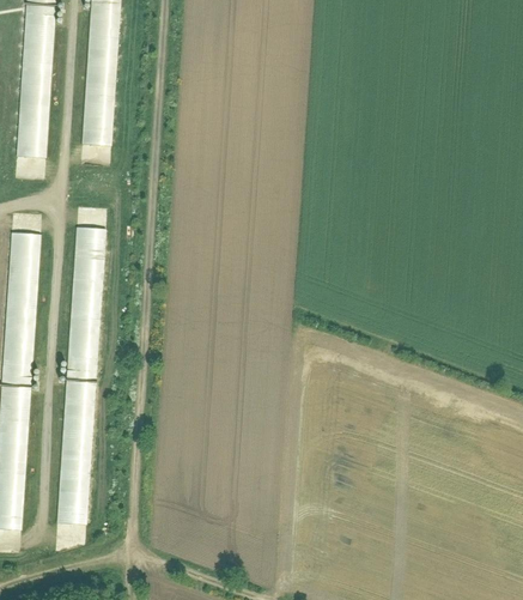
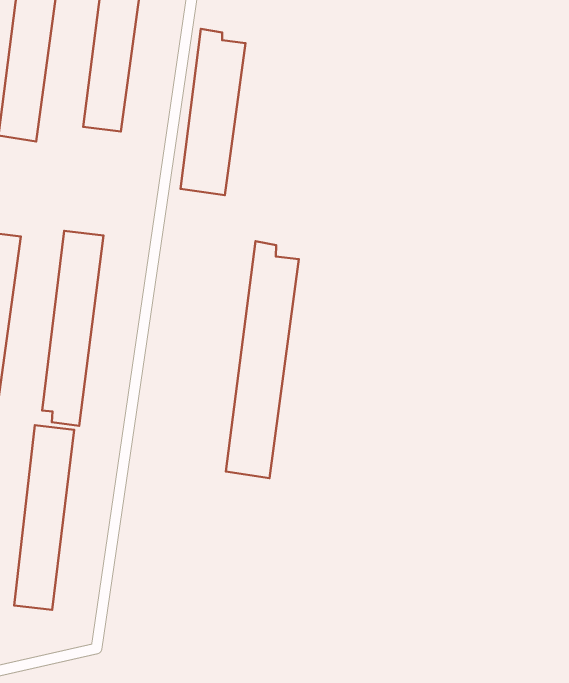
building: none -> [180,29,246,195]
building: none -> [226,241,299,478]

